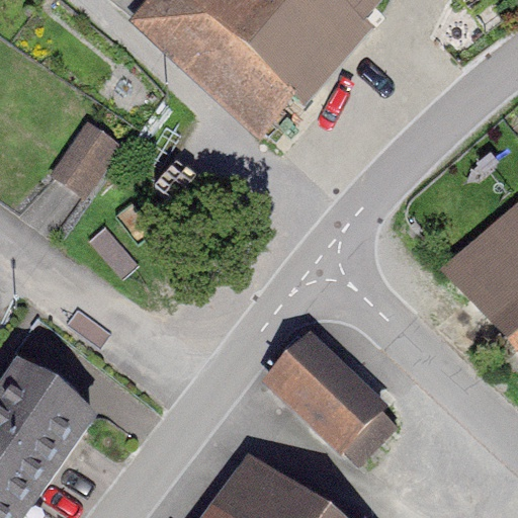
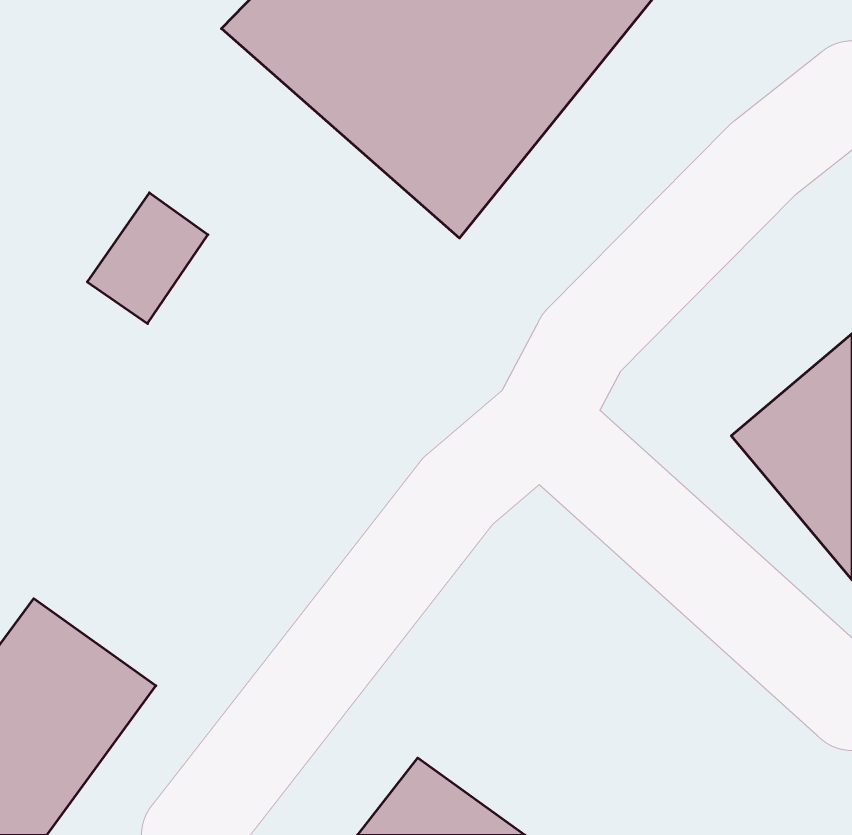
building: [266,335,403,471] -> none

